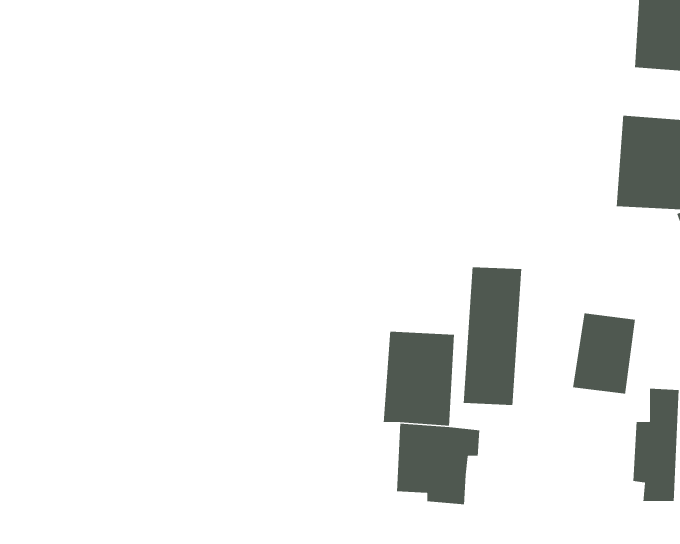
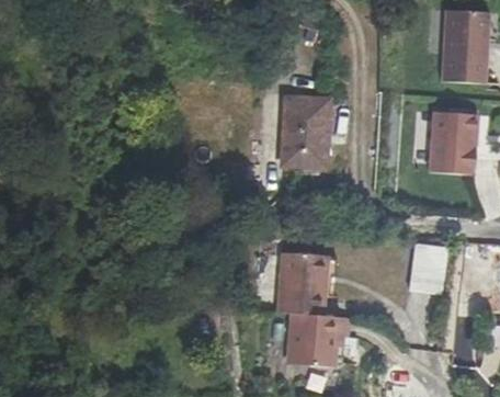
building: none -> [285,100,327,166]
building: [463,266,522,406] -> none

